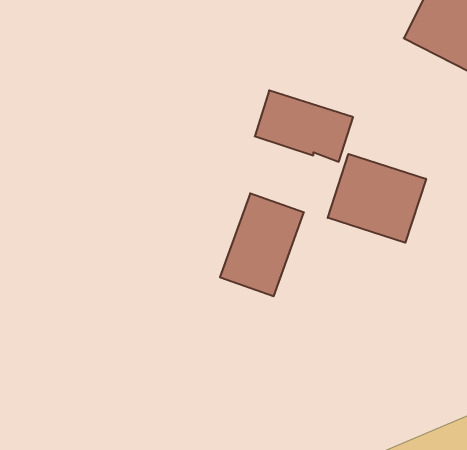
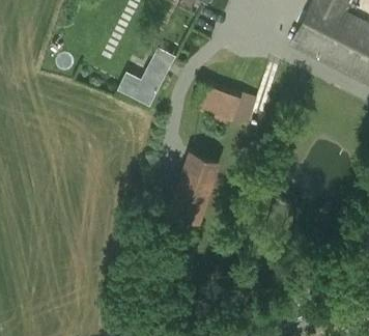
building: none -> [120,45,179,106]
building: [328,154,426,243] -> none

